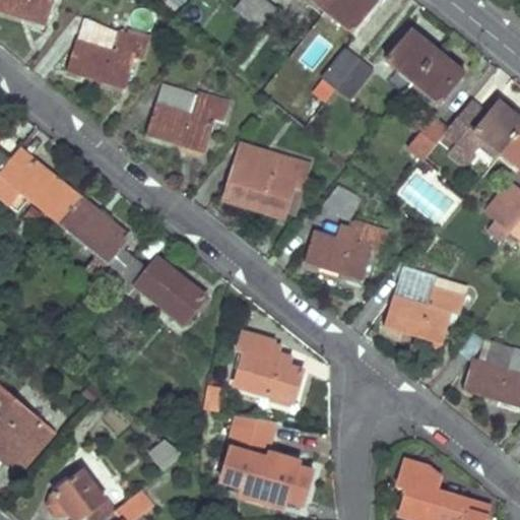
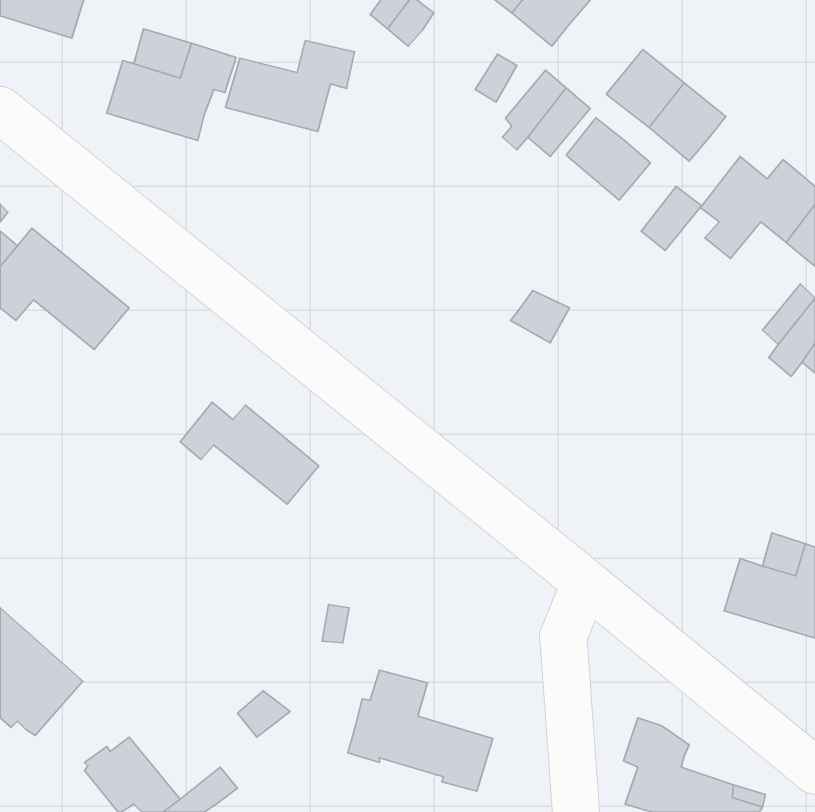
building: none -> [566,118,651,200]
building: [147,91,230,149] -> [225,41,355,132]
building: [224,144,309,217] -> none
building: [60,196,135,281] -> none
building: [306,221,389,280] -> none
building: [381,266,465,343] -> none
building: [236,331,302,401] -> none

